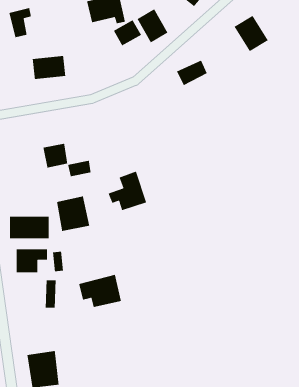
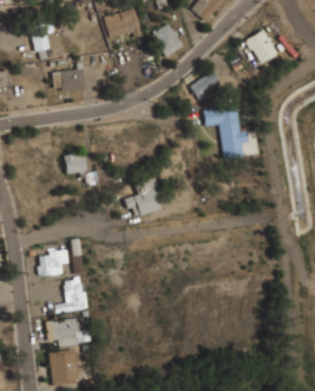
building: [113,19,142,46] -> none
building: none -> [204,106,249,160]
building: [56,195,90,232] -> none
building: [9,216,49,239] -> none
building: [78,274,122,308] -> [45,315,86,347]

